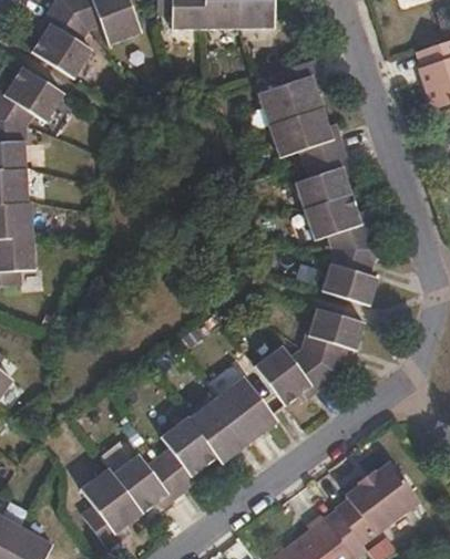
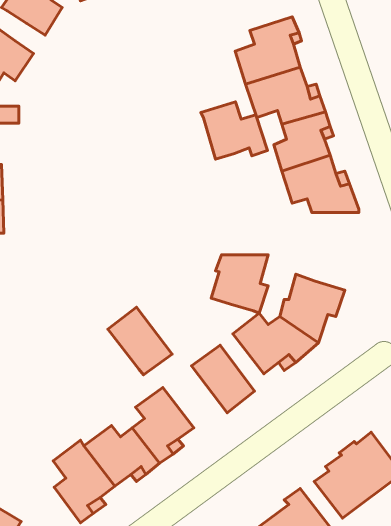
building: none -> [201,102,267,159]
building: [323,248,378,304] -> [211,255,268,313]
building: [188,396,250,462] -> [108,307,172,375]

